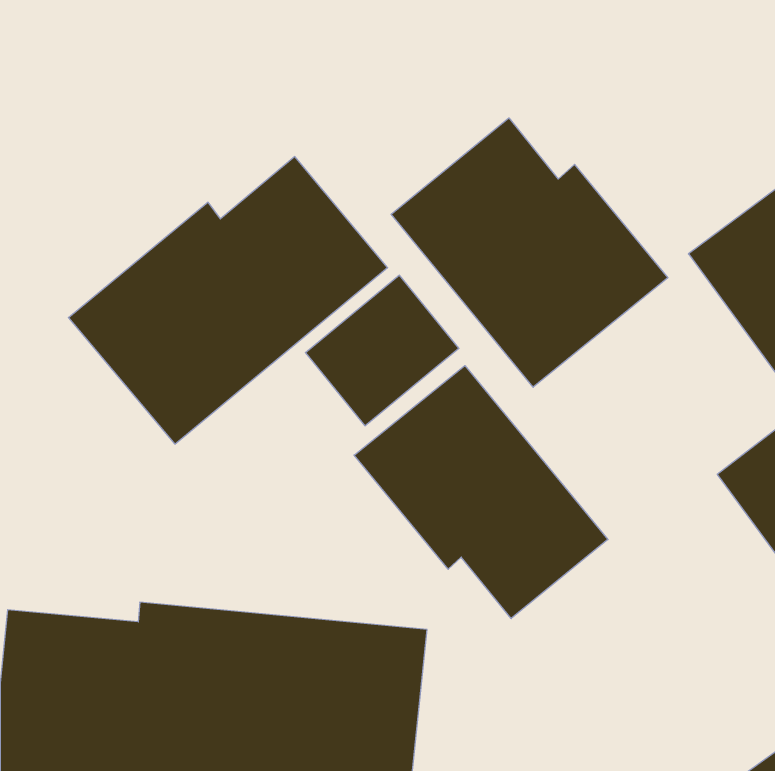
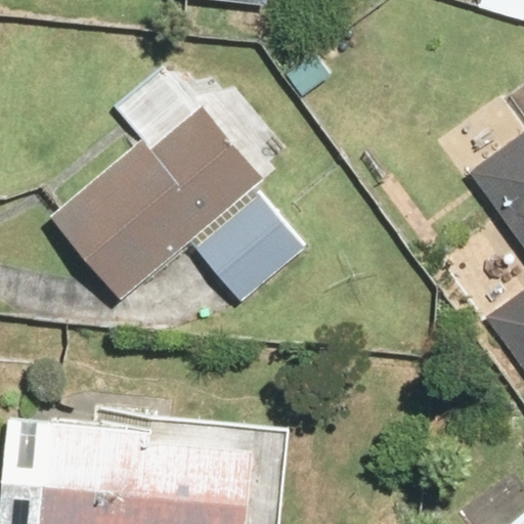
building: [391,118,668,387] -> none
building: [354,366,608,619] -> none

